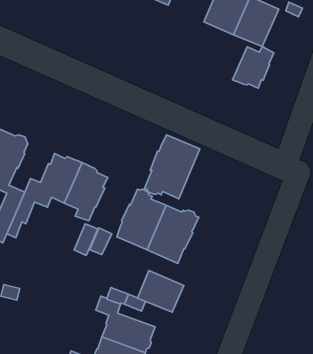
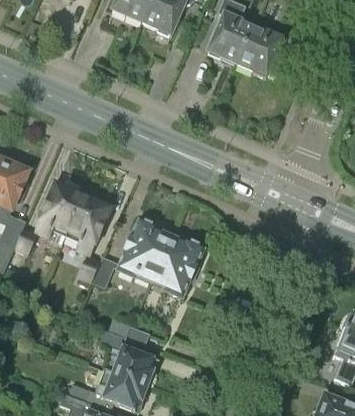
building: [233,47,274,88] -> none
building: [145,135,200,199] -> none
building: [138,271,184,312] -> none

